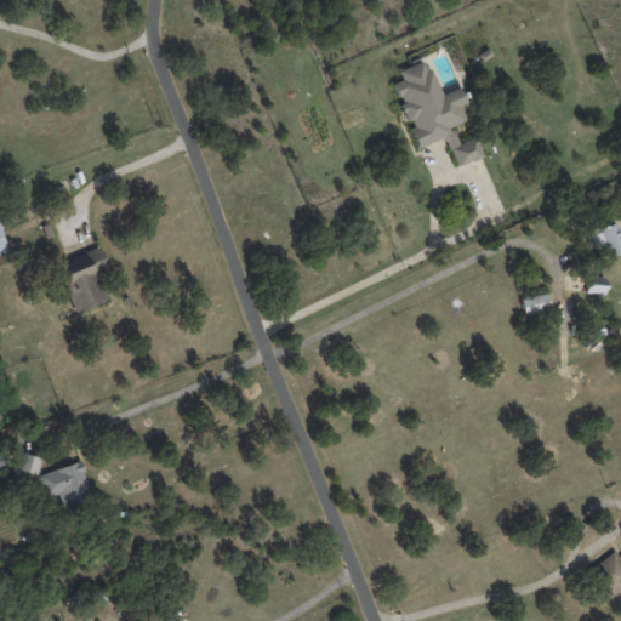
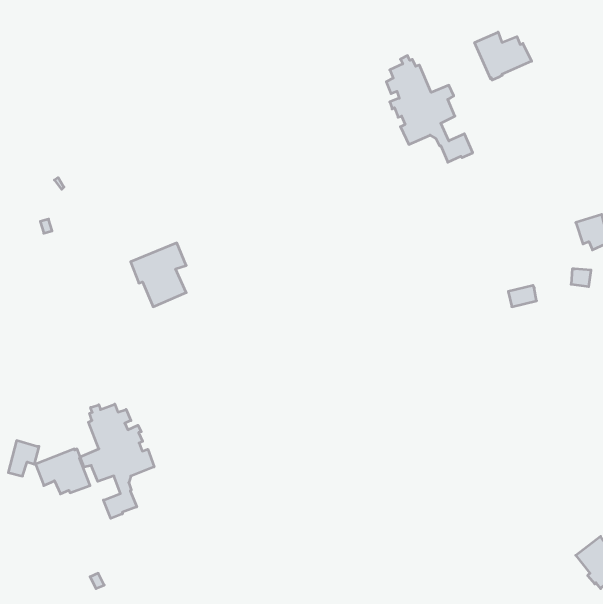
building: none -> [475,32,532,80]
building: [53,249,110,314] -> [131,243,186,307]
building: none -> [80,404,154,518]

